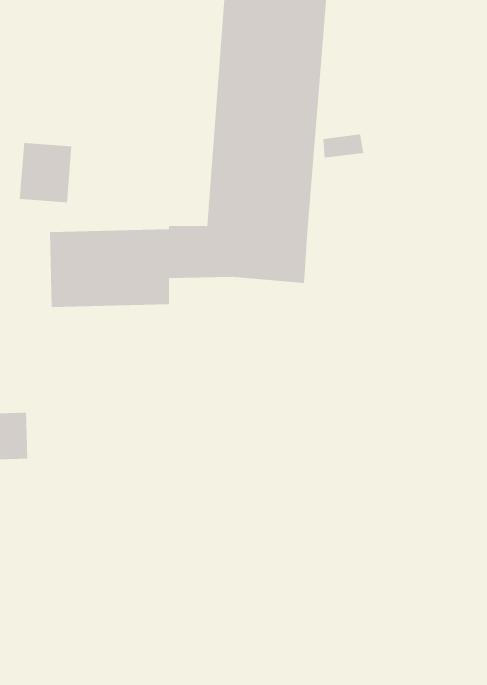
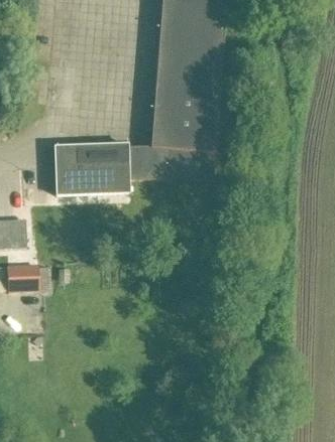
building: [19,142,72,203] -> none

